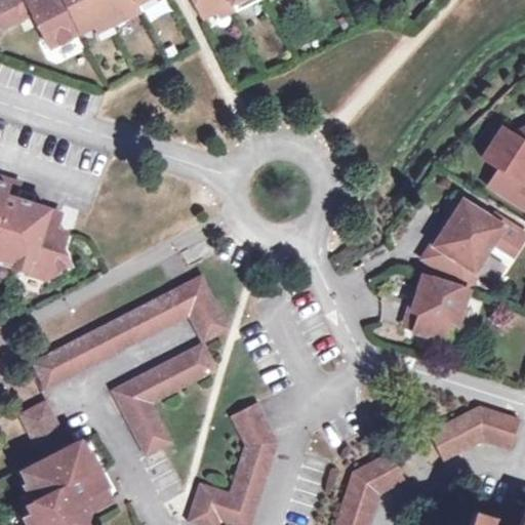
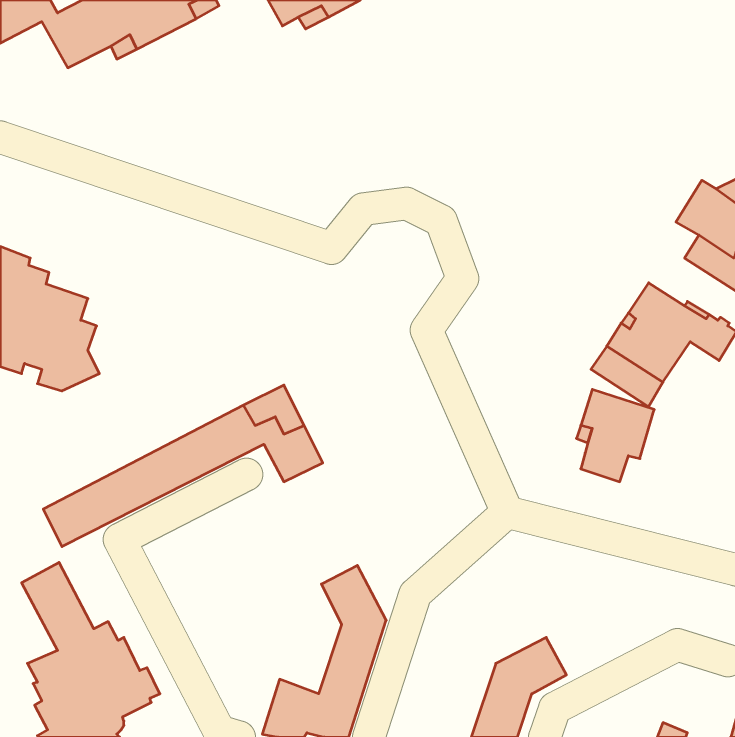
building: [112,342,216,456] -> none
building: [429,406,519,459] -> none

